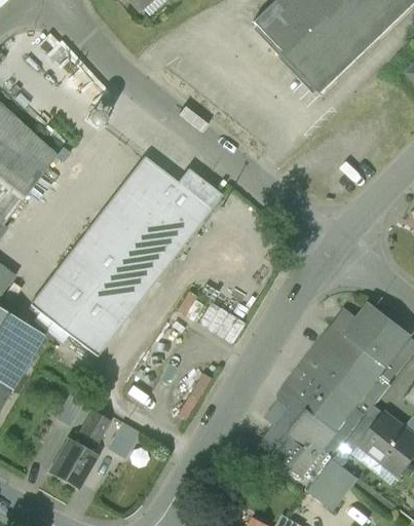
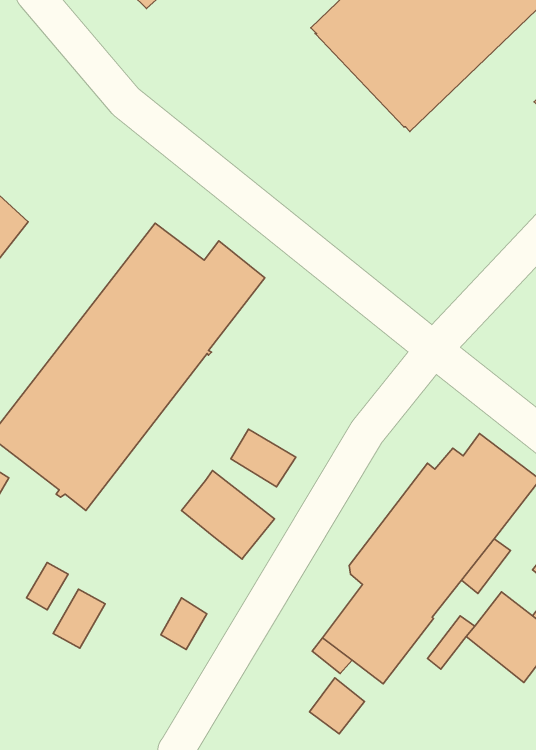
building: none -> [181,470,275,559]
building: [107,421,139,457] -> [161,598,207,650]
building: [48,438,97,488] -> none
building: [307,467,345,506] -> [310,678,364,734]

